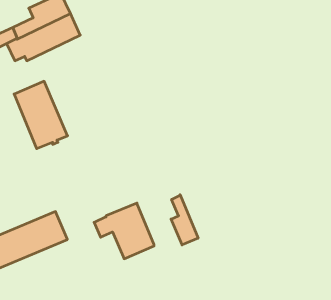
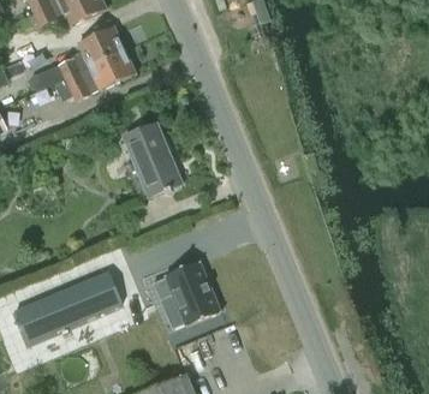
building: [14,81,68,149] -> [123,123,183,198]
building: [171,195,198,245] -> none

